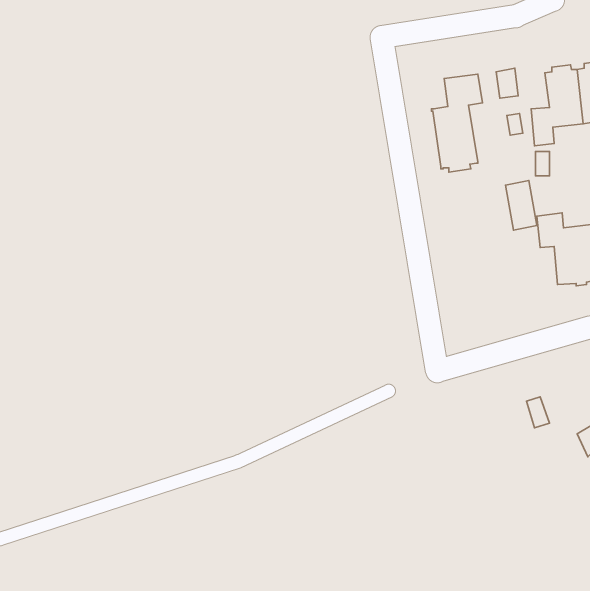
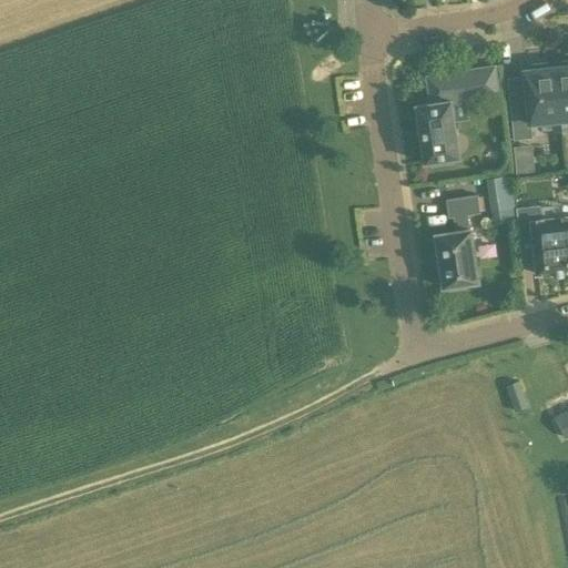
building: none -> [435,195,479,291]

